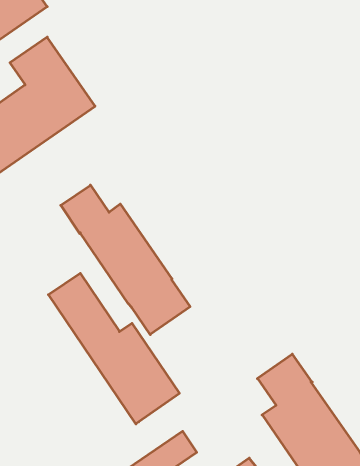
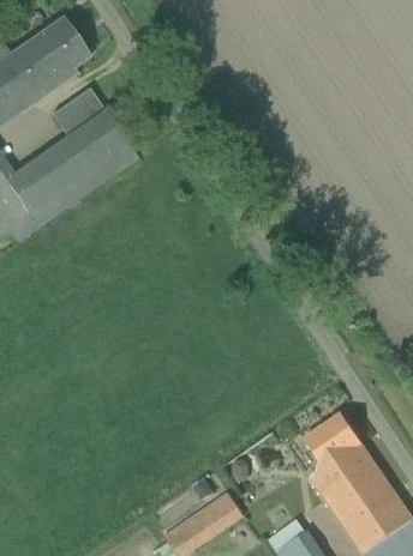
building: [61,185,190,335] -> none
building: [48,273,179,424] -> none

